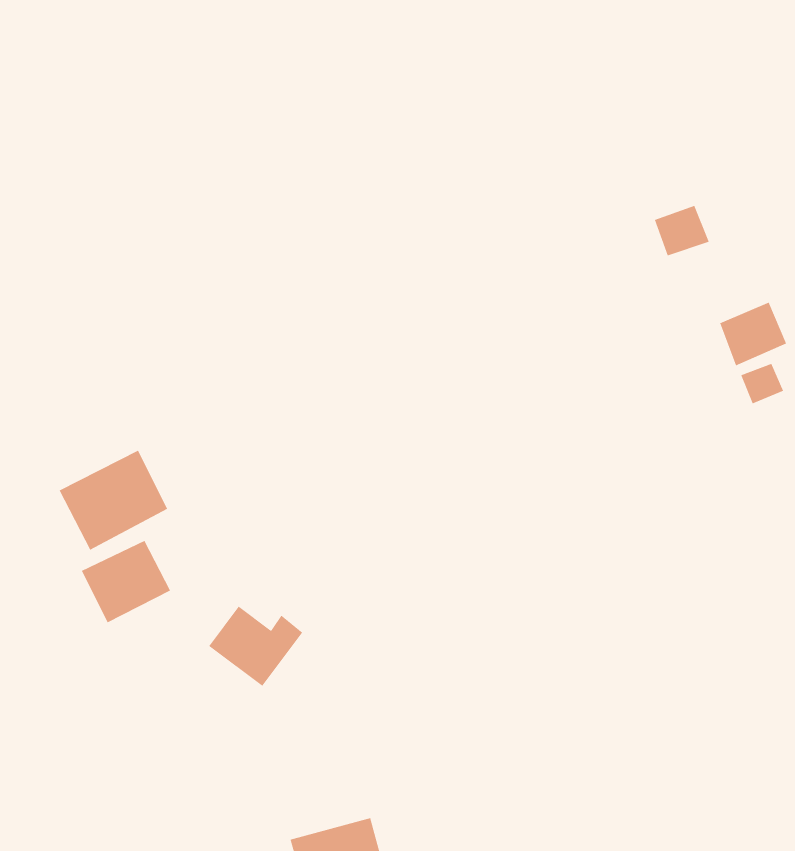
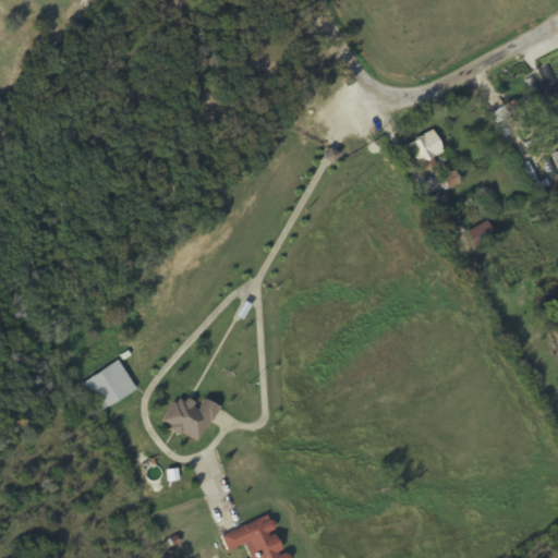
building: [719,302,787,367] -> none
building: [58,450,168,551] -> none

